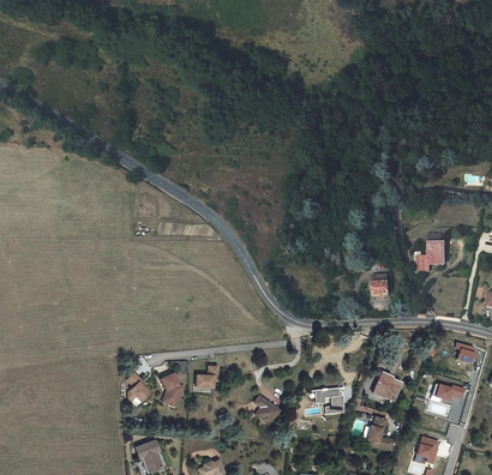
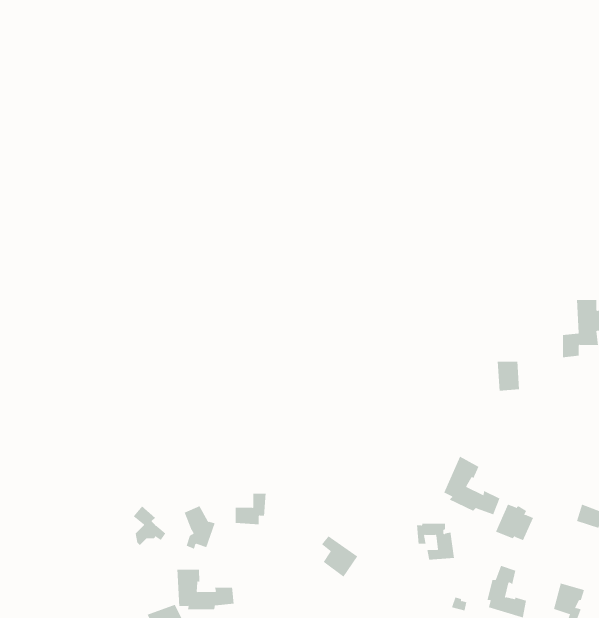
building: none -> [444,456,500,515]
building: none -> [177,569,234,610]

